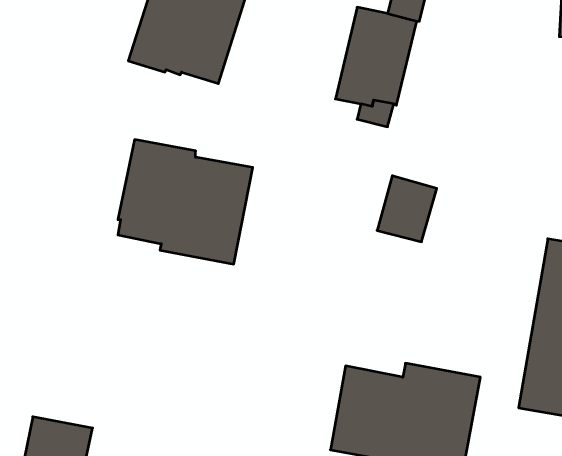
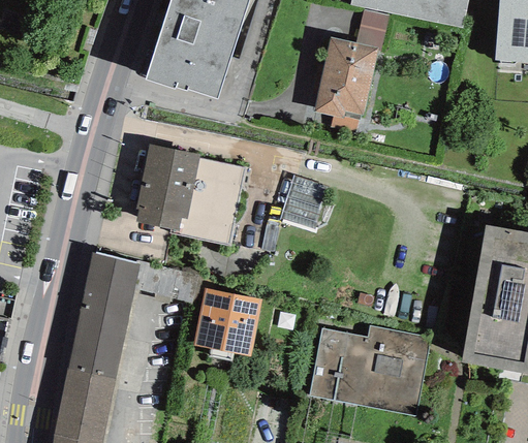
building: [377,176,437,242] -> [280,176,329,229]
building: none -> [67,254,139,378]
building: none -> [193,288,262,360]

